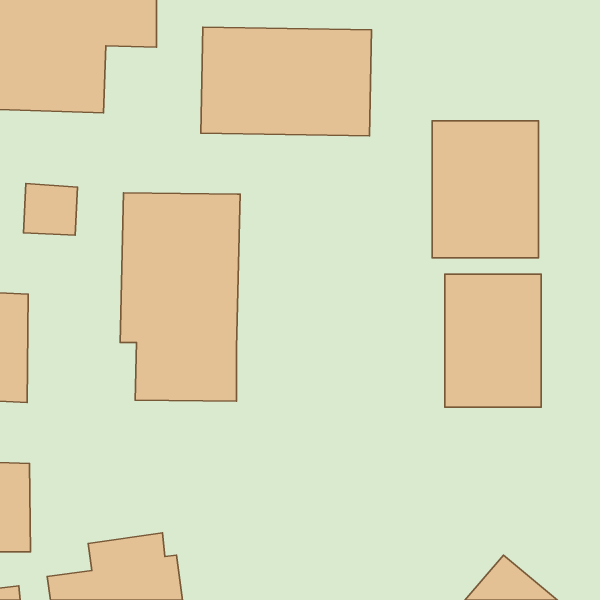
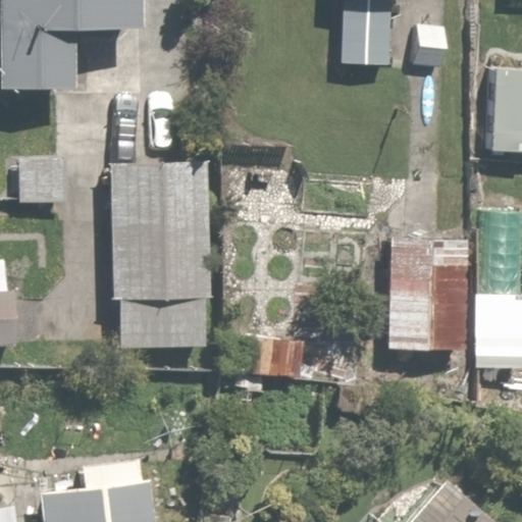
building: [201,27,371,136] -> none
building: [432,121,538,258] -> none

